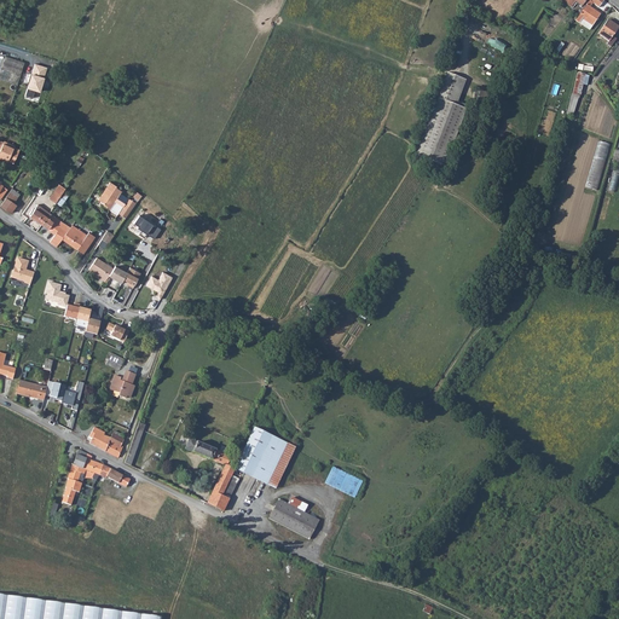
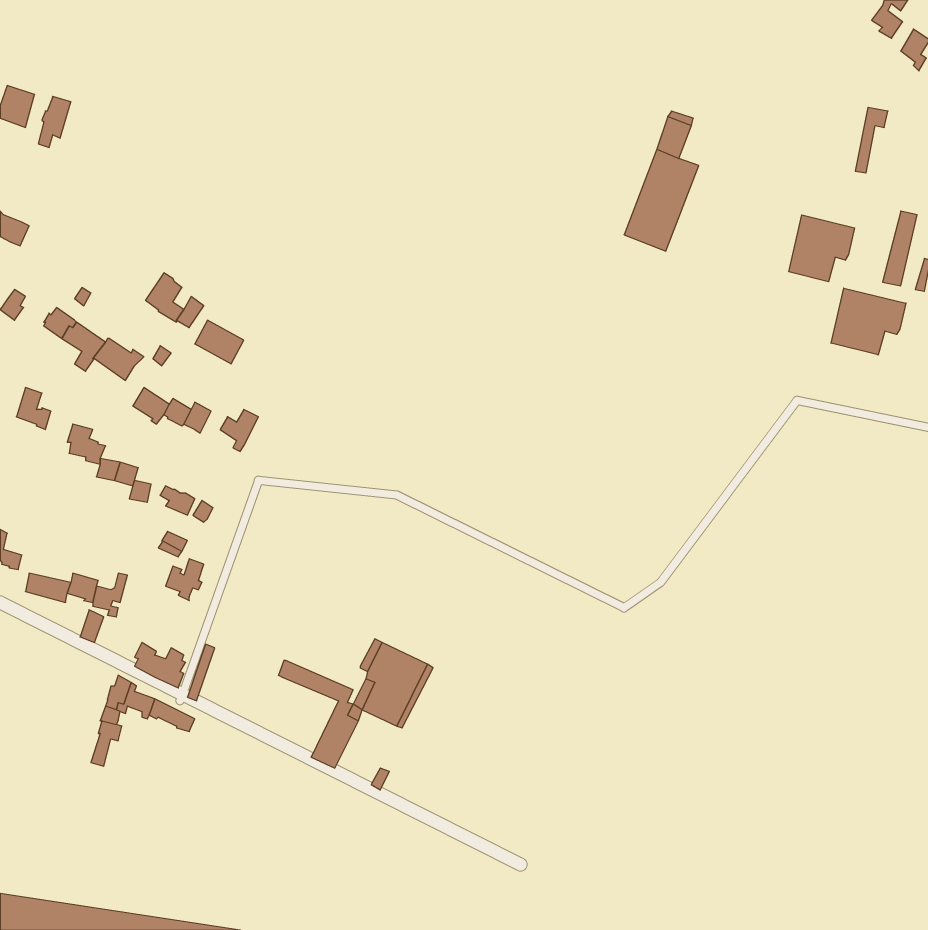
building: none -> [789,215,855,282]
building: none -> [831,288,906,355]
building: [270,499,320,539] -> none

